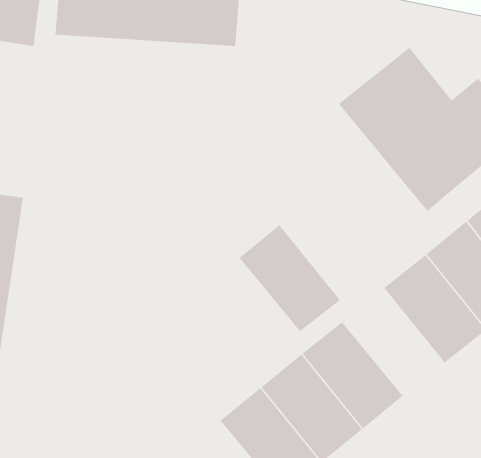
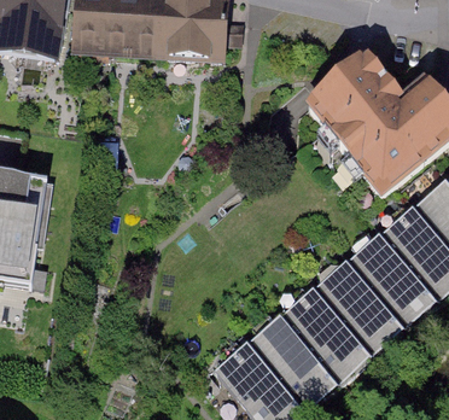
building: [238,224,341,332] -> [313,255,397,344]

